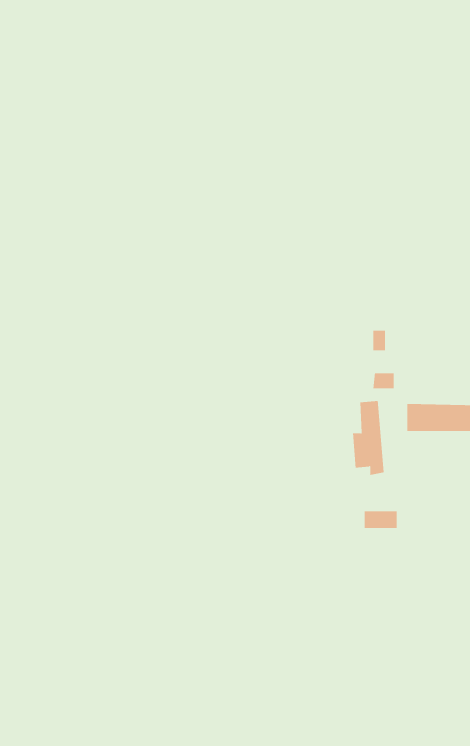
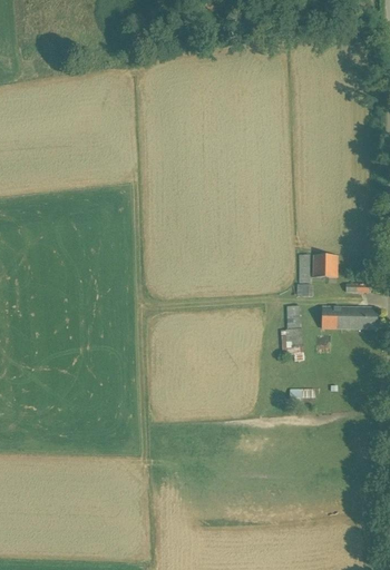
building: none -> [312,254,338,277]

